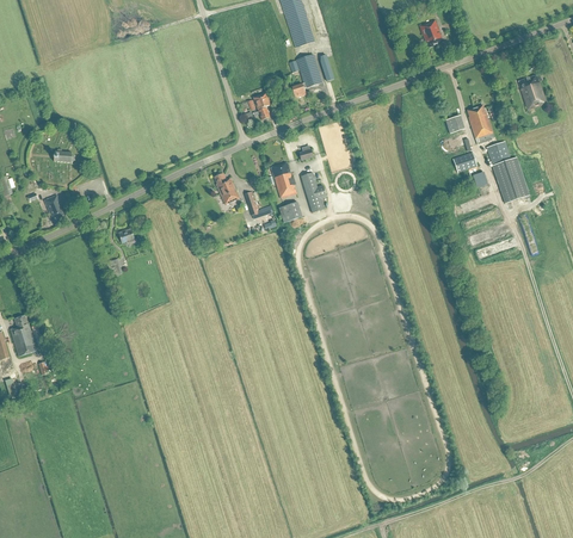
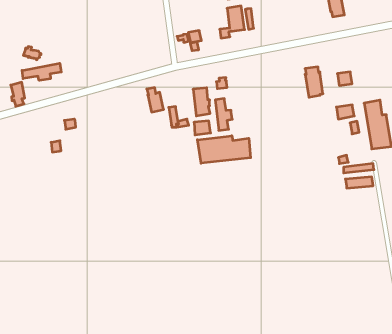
building: [467,105,494,144] -> [305,67,323,97]
building: none -> [22,63,61,80]
building: none -> [197,136,251,163]

